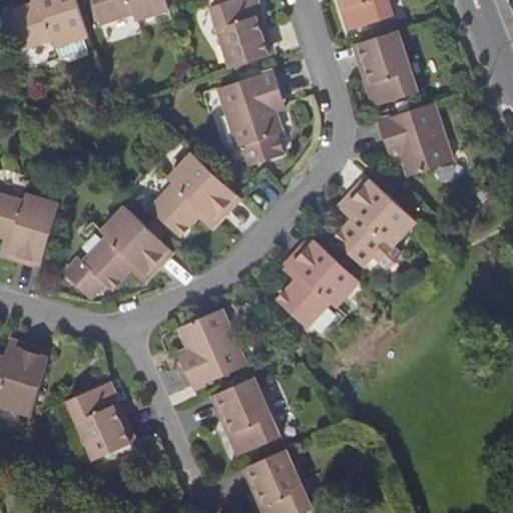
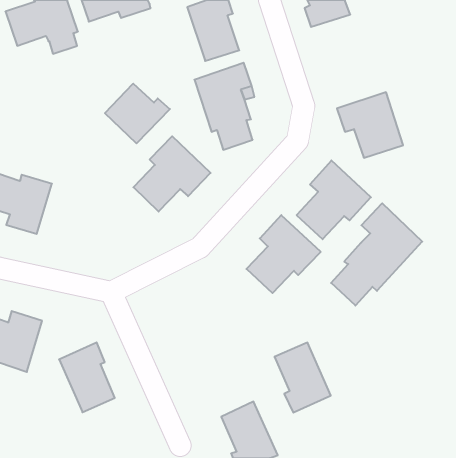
building: [358,31,417,107] -> none
building: none -> [105,84,170,143]
building: [67,206,167,296] -> none
building: none -> [331,203,422,306]
building: [177,310,244,389] -> none
building: [215,378,279,456] -> [274,343,331,413]

